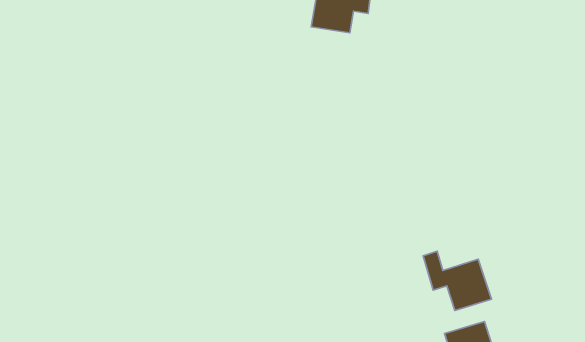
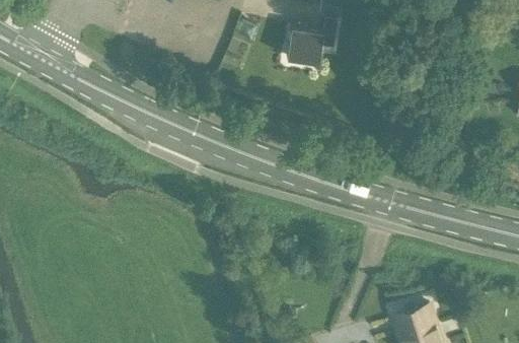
building: [423,251,491,311] -> none

